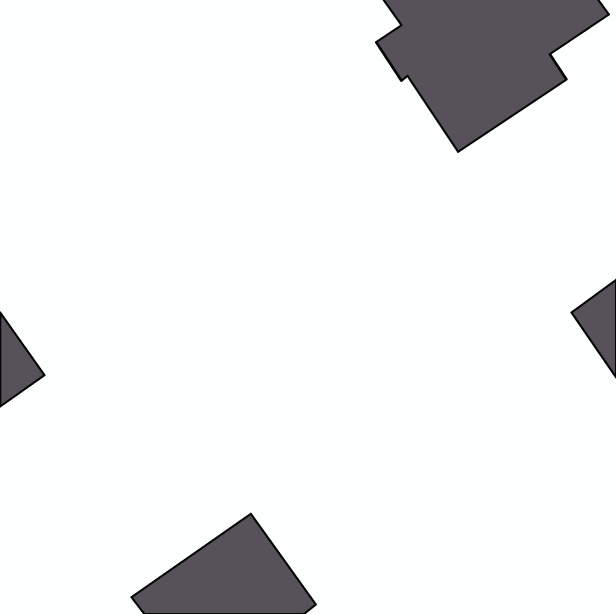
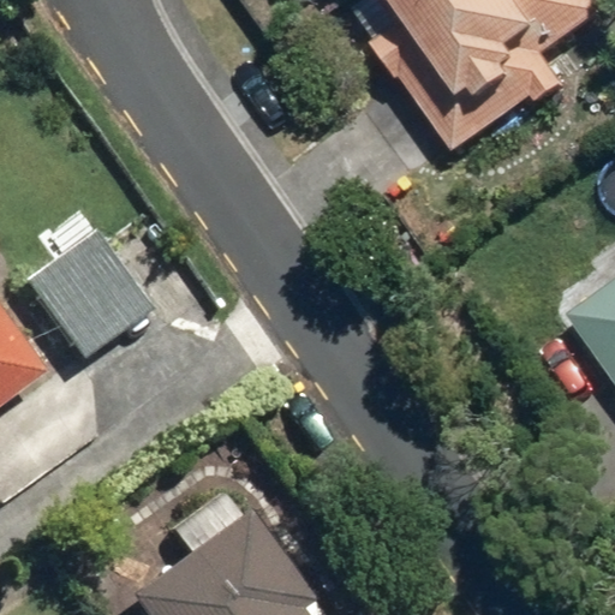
building: none -> [25,231,153,360]

